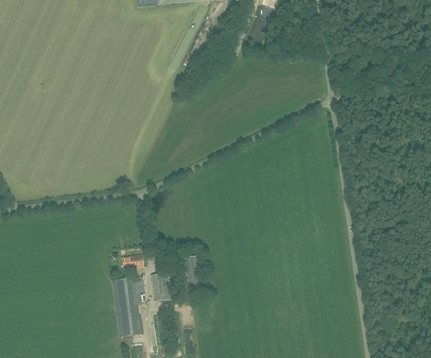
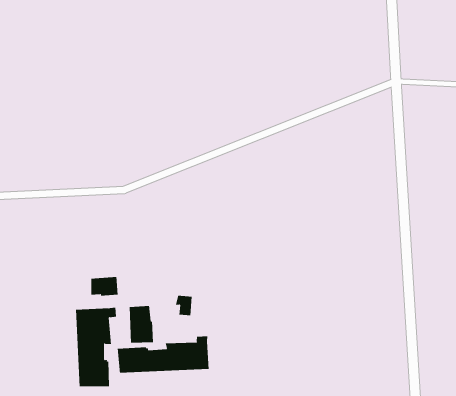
building: none -> [117,336,209,374]

